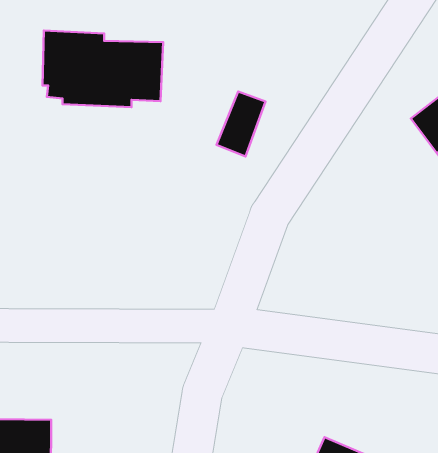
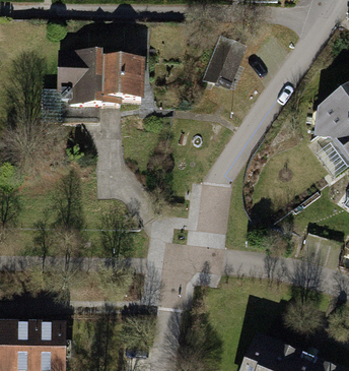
building: [217,92,266,156] -> [206,37,240,82]

